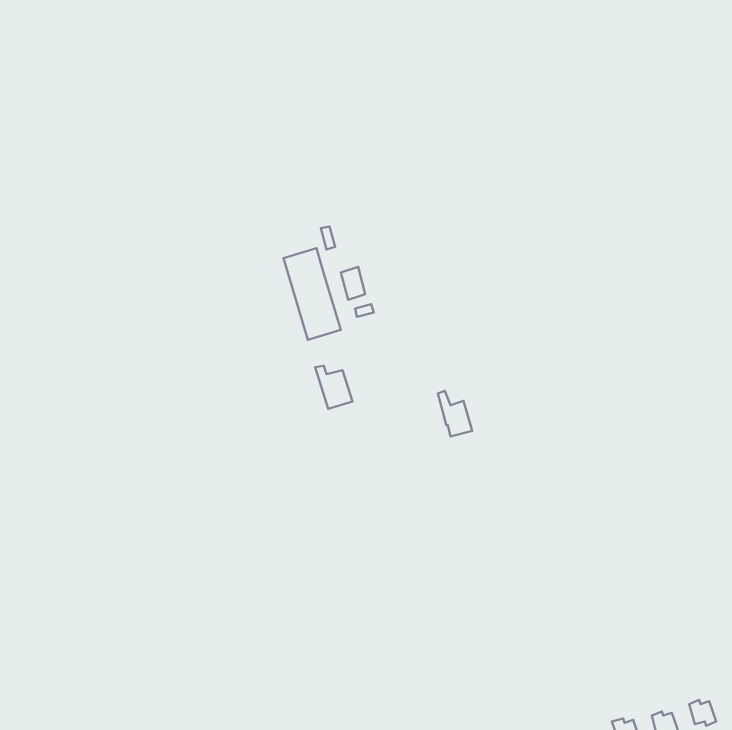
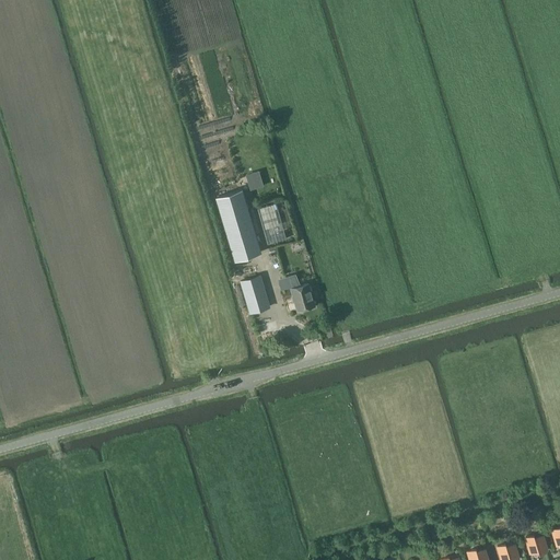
building: [438,391,472,437] -> [288,277,314,312]

